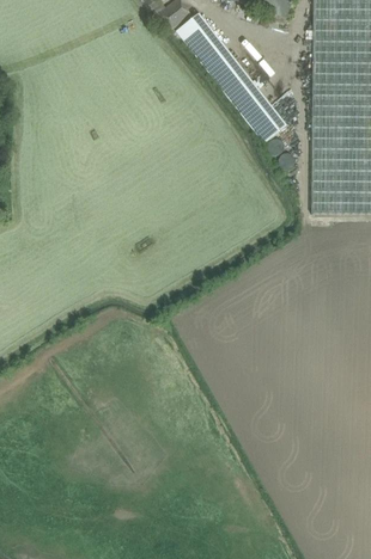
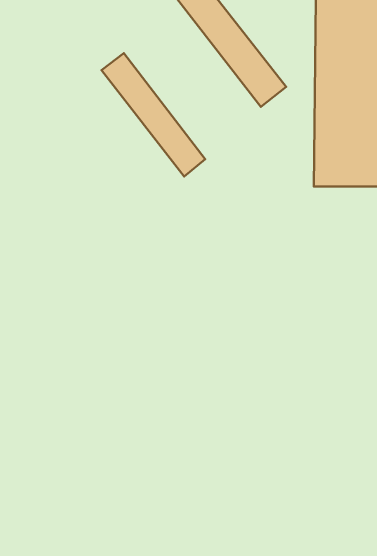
building: none -> [102,53,205,176]

